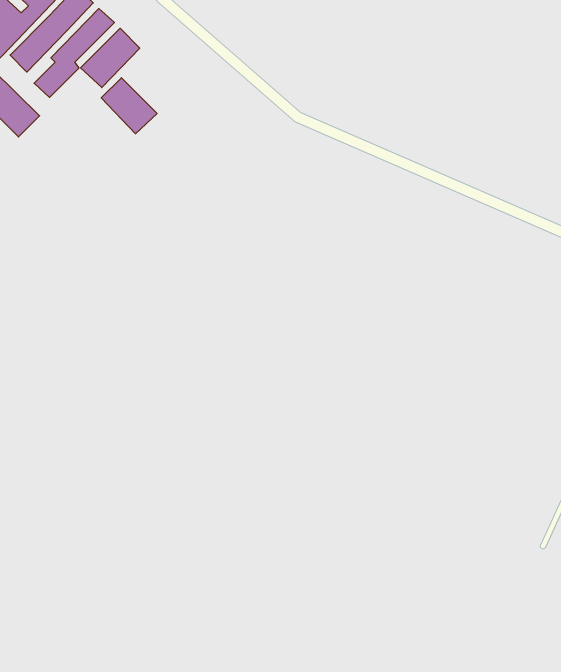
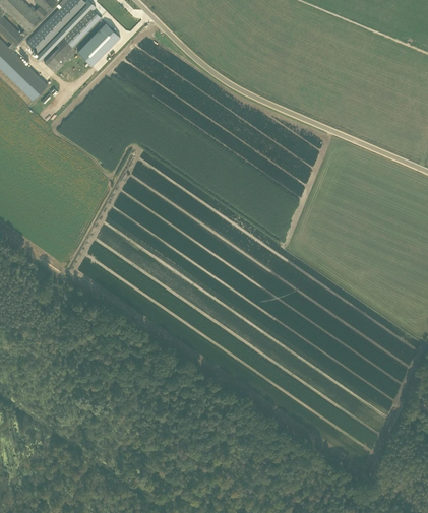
building: [101,78,157,134] -> none

